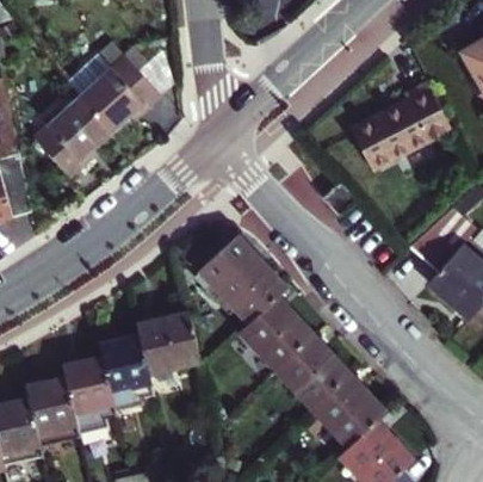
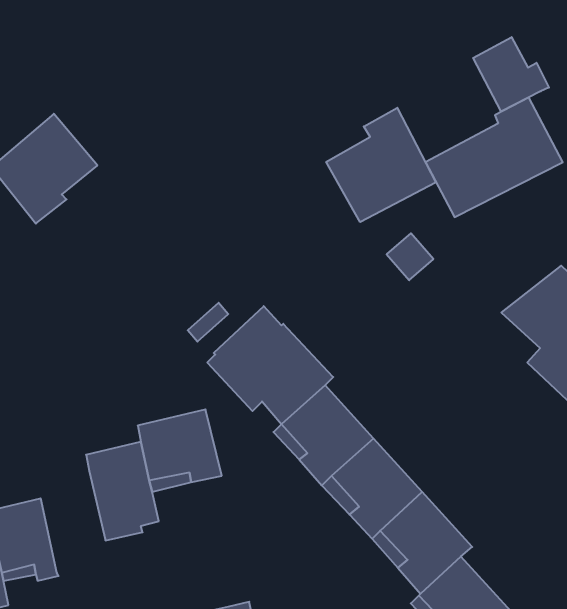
building: none -> [473,37,549,112]
building: [66,52,159,132] -> none
building: none -> [326,108,436,222]
building: [66,358,117,433] -> none

